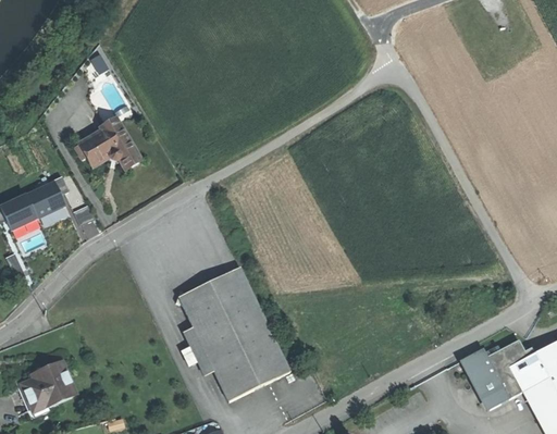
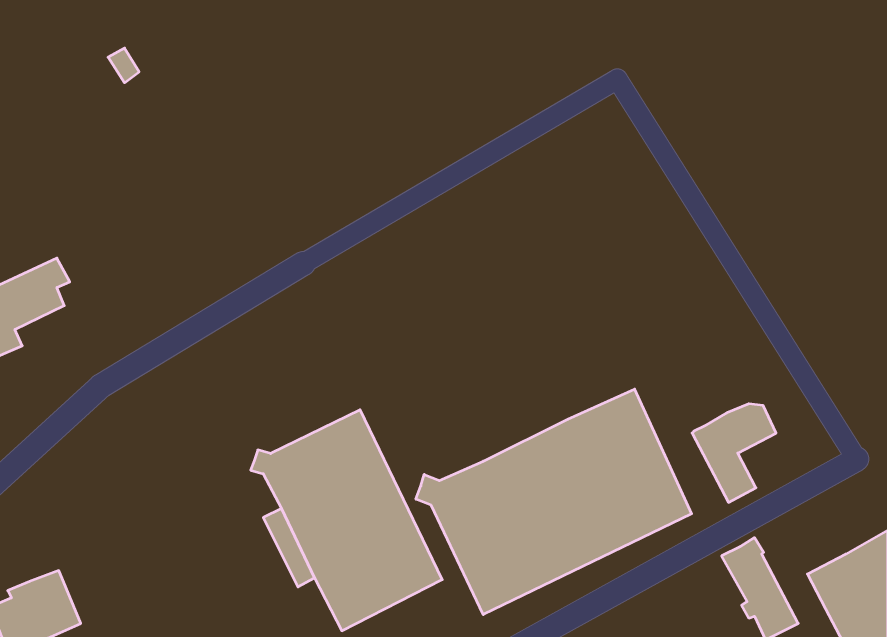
building: [72,119,140,170] -> none
building: none -> [416,389,692,615]
building: [481,336,531,395] -> [692,404,776,502]

